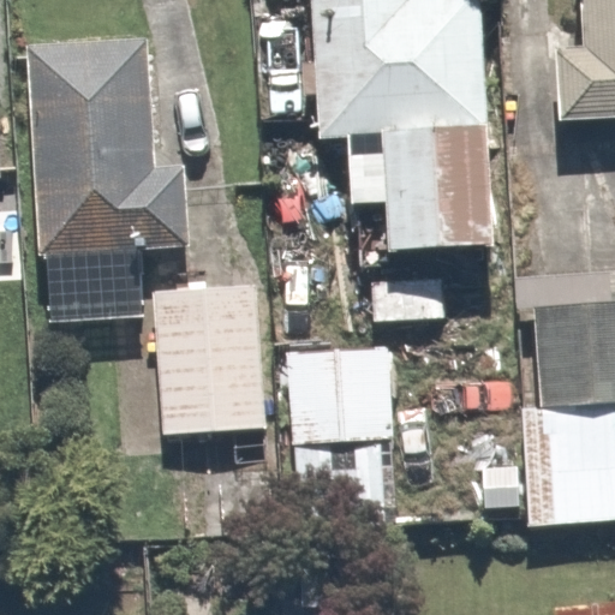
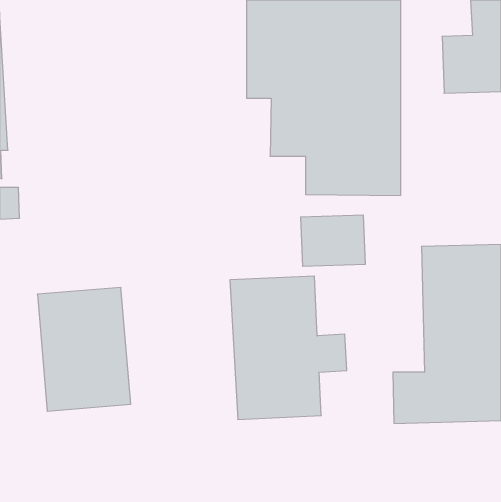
building: [29,42,192,261] -> none
building: [155,287,269,438] -> [37,287,131,411]

